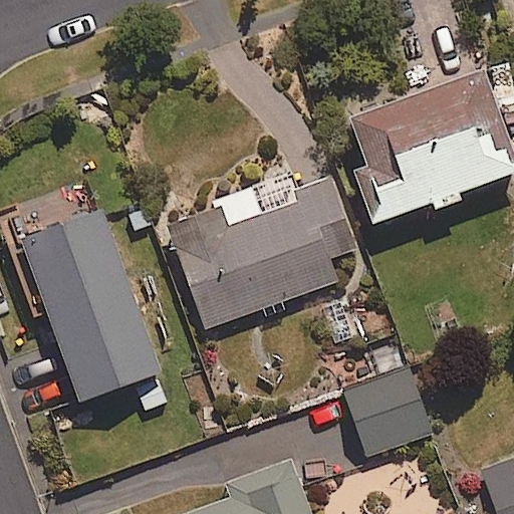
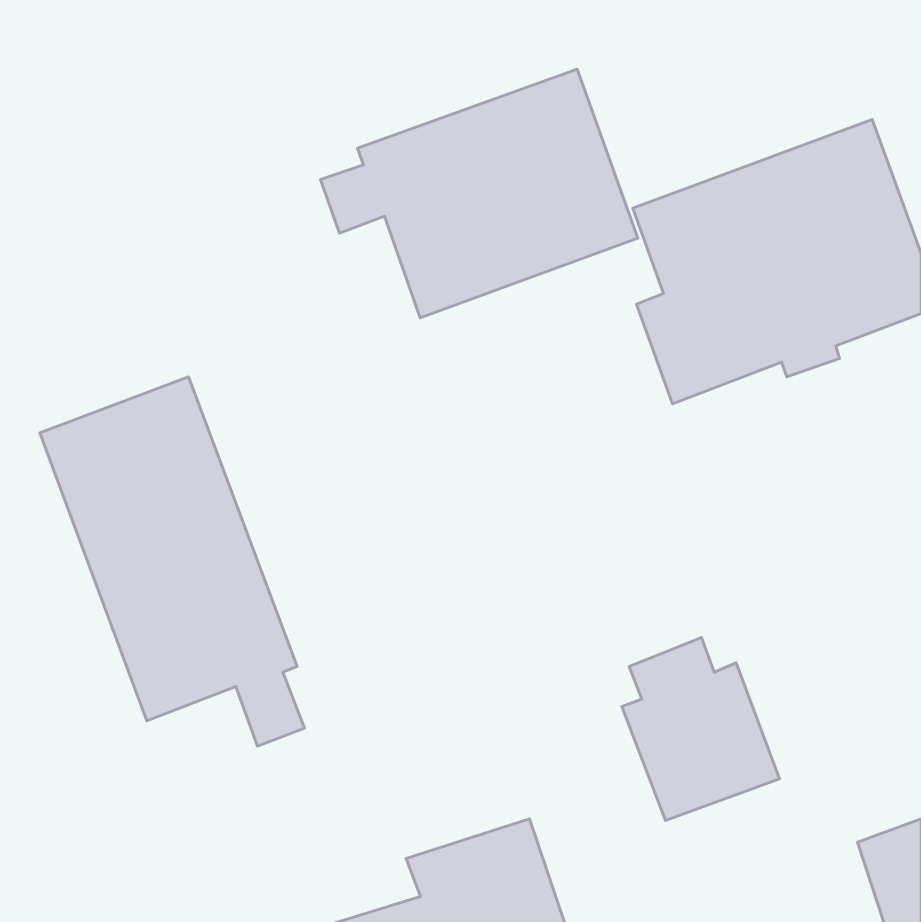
building: none -> [320,69,638,318]
building: [167,181,354,330] -> none

